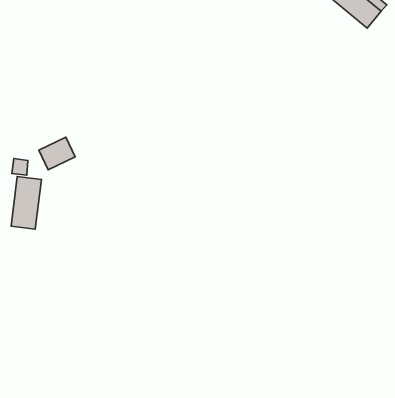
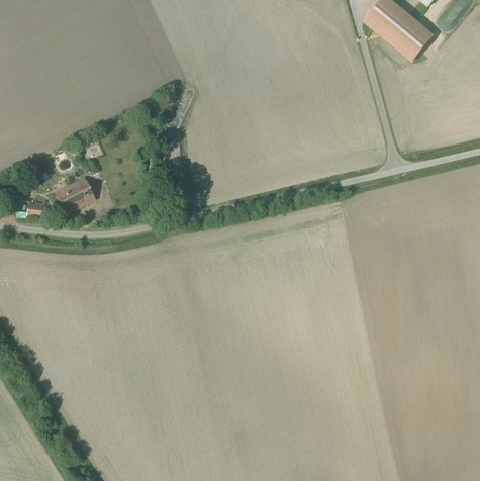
building: [11,176,41,229] -> none

